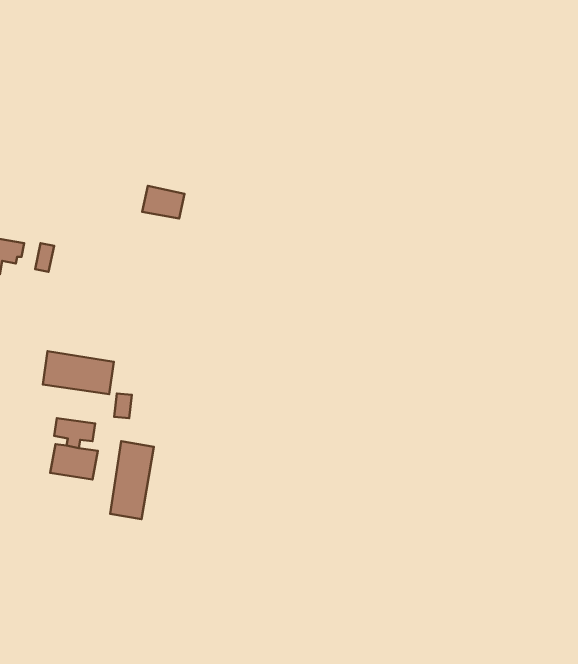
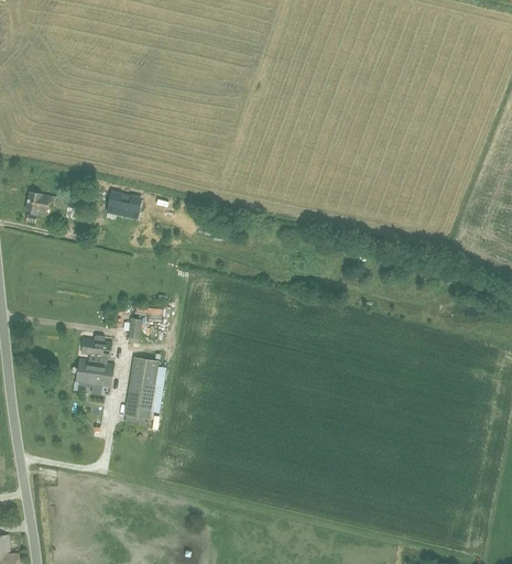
building: [142,186,185,219] -> [106,193,140,219]
building: [43,351,114,394] -> none

